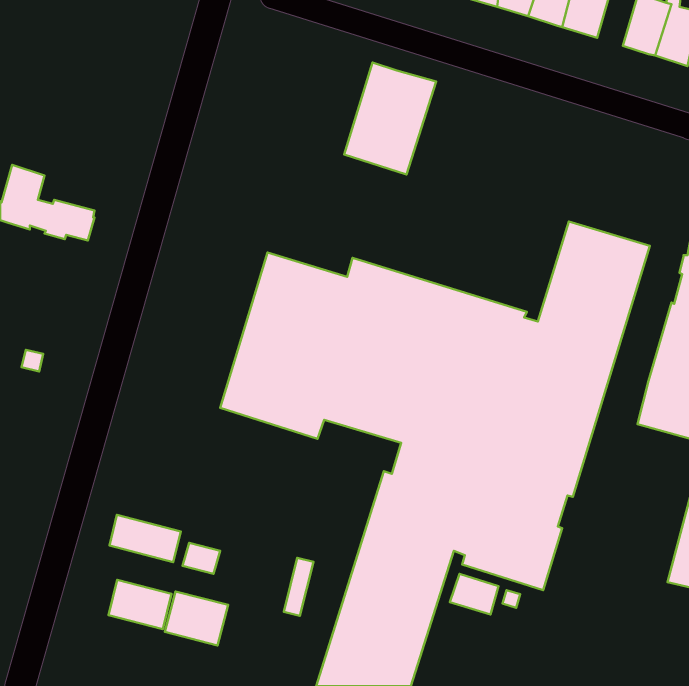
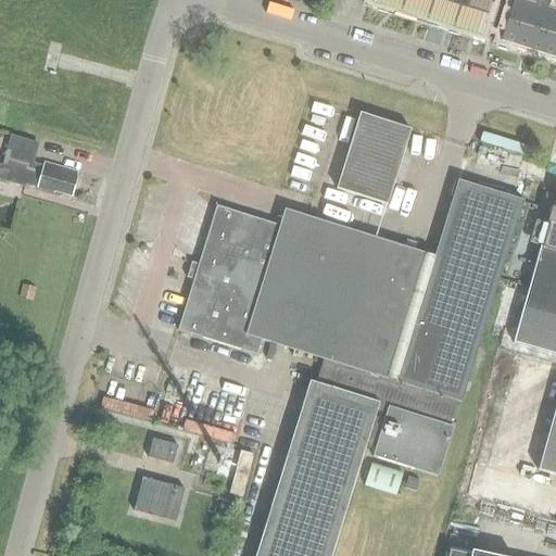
building: [344,63,436,175] -> [337,112,410,202]
building: [109,515,181,562] -> none
building: [108,580,171,629] -> none

